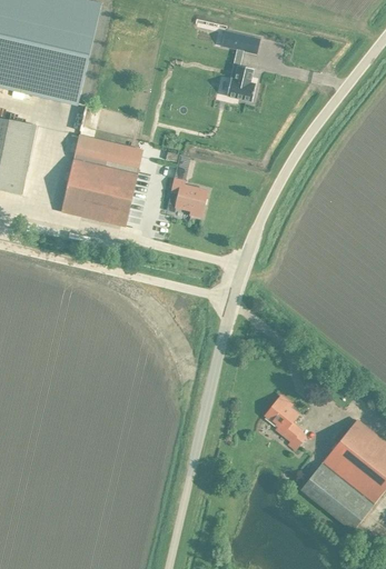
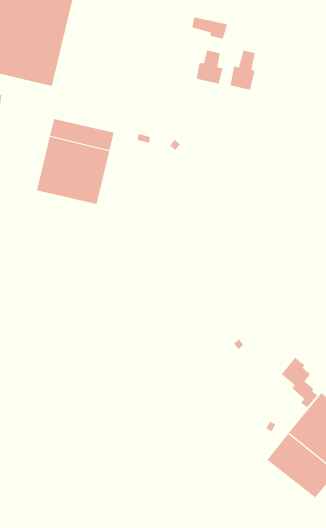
building: none -> [230,50,255,91]
building: [171,178,207,218] -> none
building: [266,397,305,450] -> [281,357,318,408]

